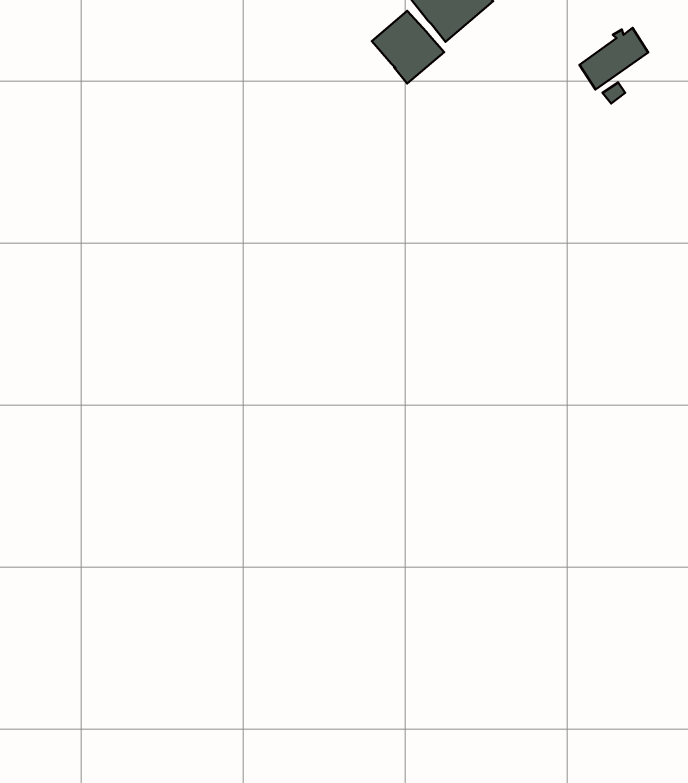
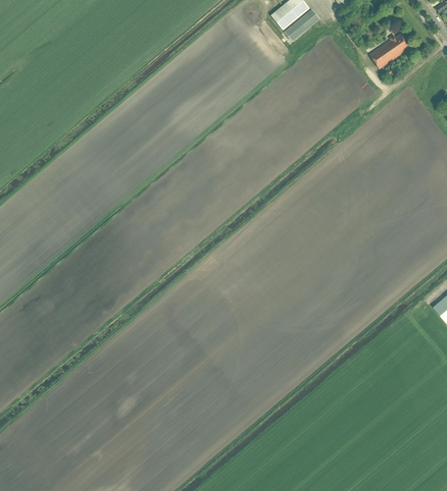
building: [372,11,444,84] -> none

